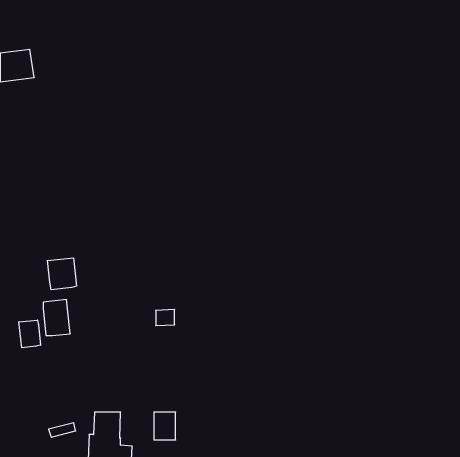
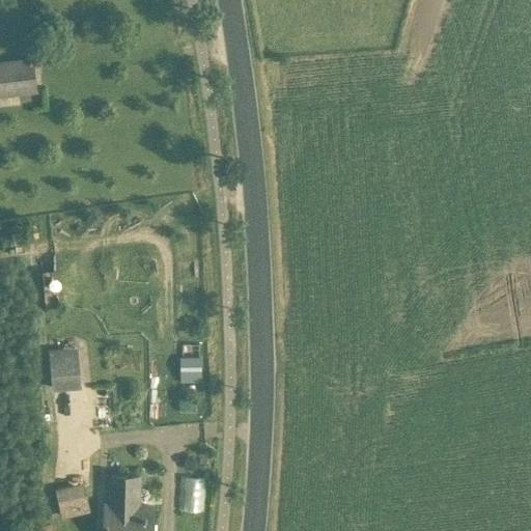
building: [47,258,76,290] -> none
building: [19,320,41,348] -> none

